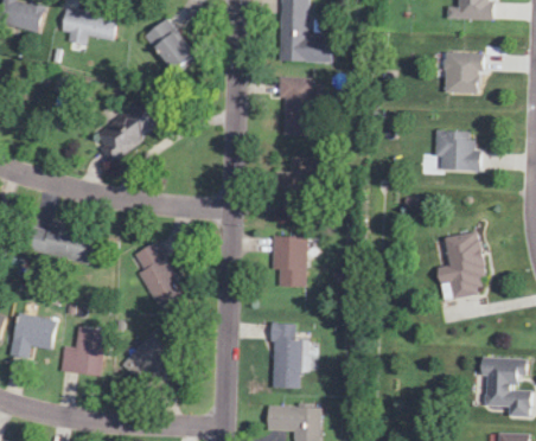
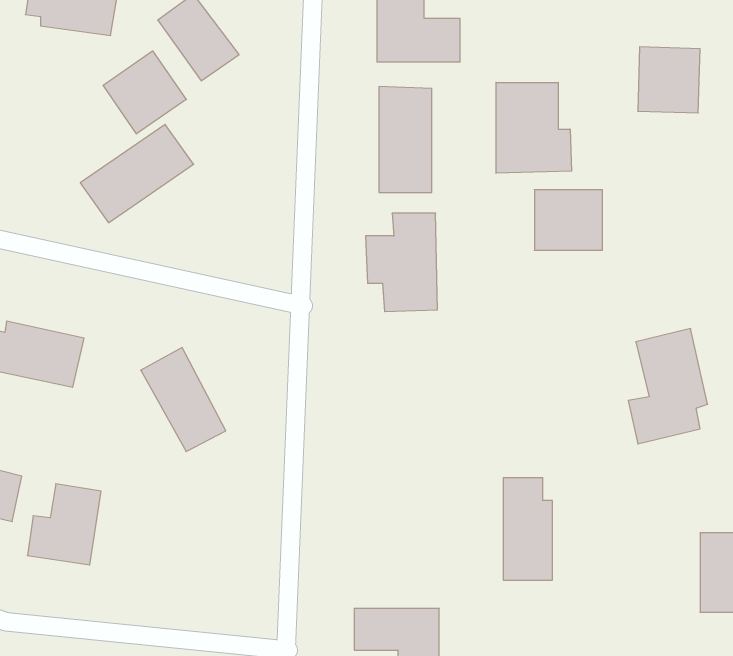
building: none -> [103,51,186,134]
building: none -> [496,82,572,173]
building: [435,132,478,170] -> [534,190,602,250]
building: [273,237,305,287] -> none
building: [272,324,302,388] -> [503,478,552,580]
building: [121,325,178,383] -> none

